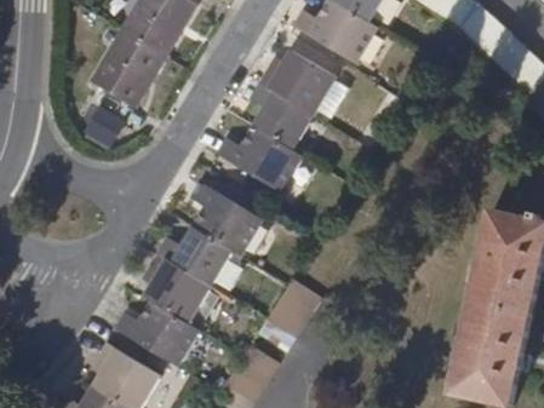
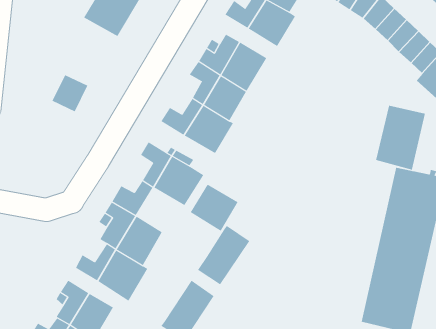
building: [93,30,164,104] -> none
building: none -> [376,105,425,171]
building: [185,232,244,289] -> [190,184,239,232]

